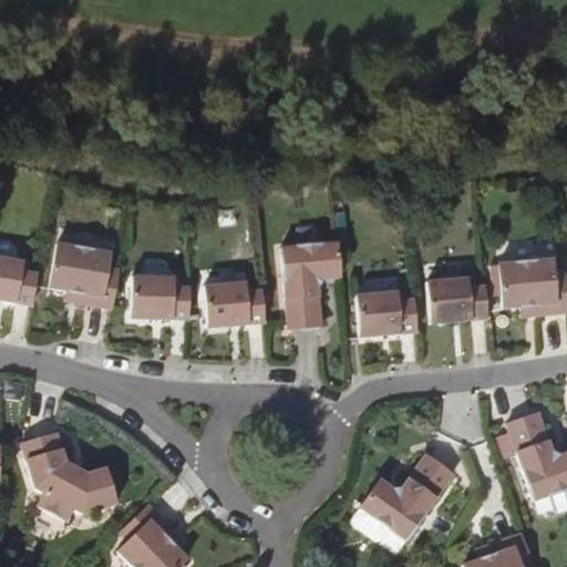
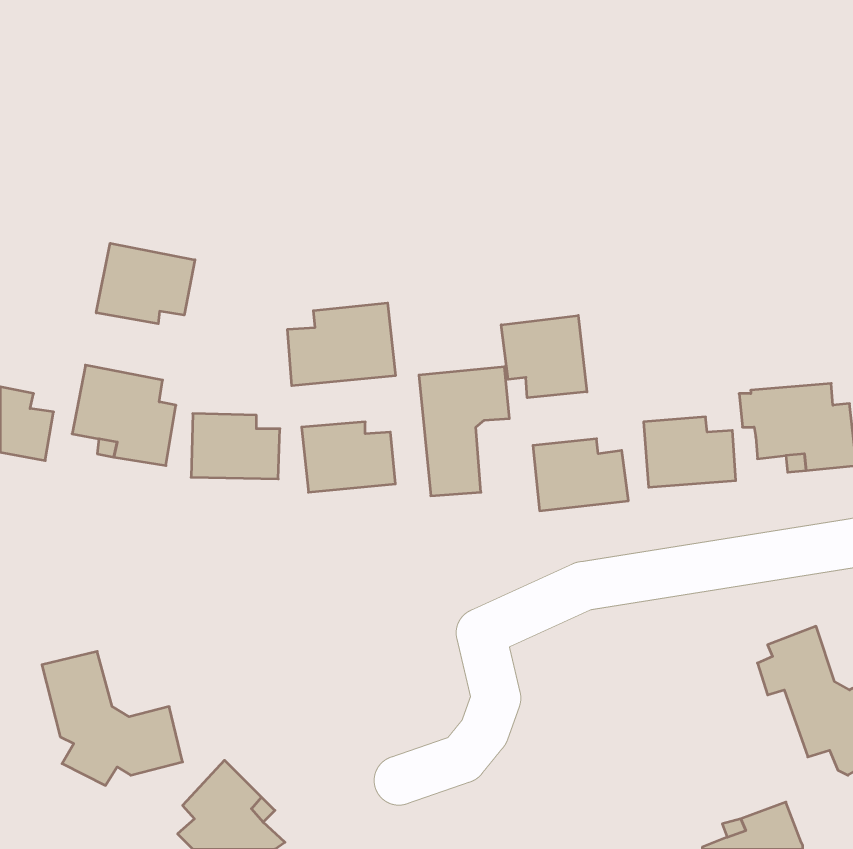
building: none -> [96,243,195,324]
building: none -> [288,303,395,386]
building: none -> [501,315,587,398]
building: [351,452,453,538] -> none

